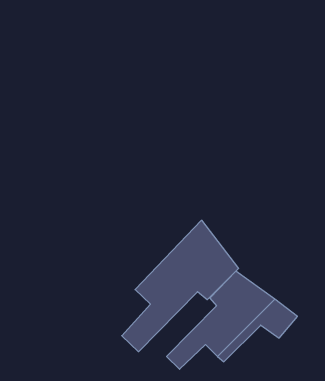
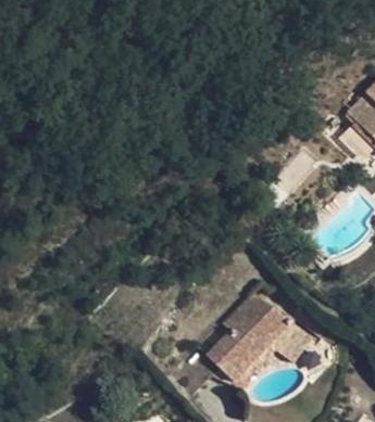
building: [122,220,239,352] -> none

